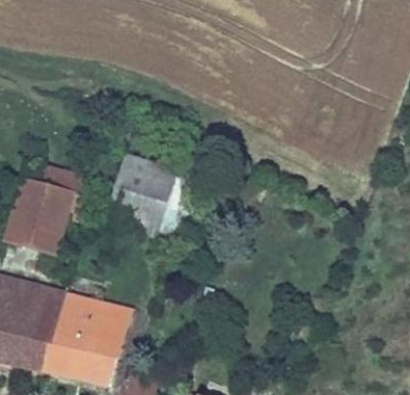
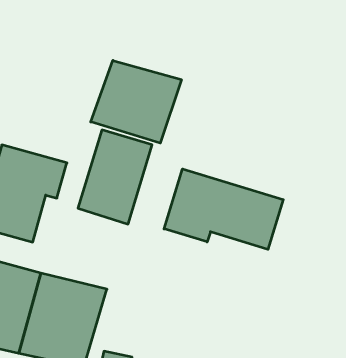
building: none -> [91,60,181,143]
building: none -> [164,169,283,249]

